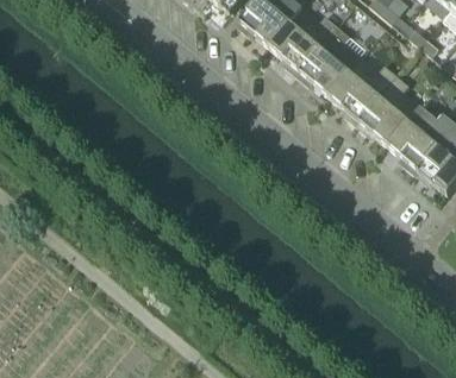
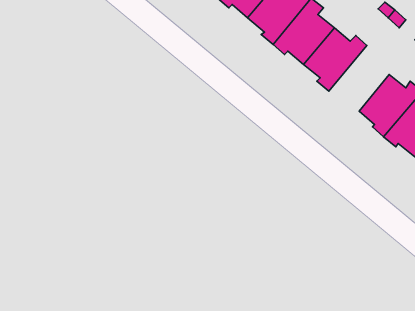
building: [356,74,420,144] -> none

